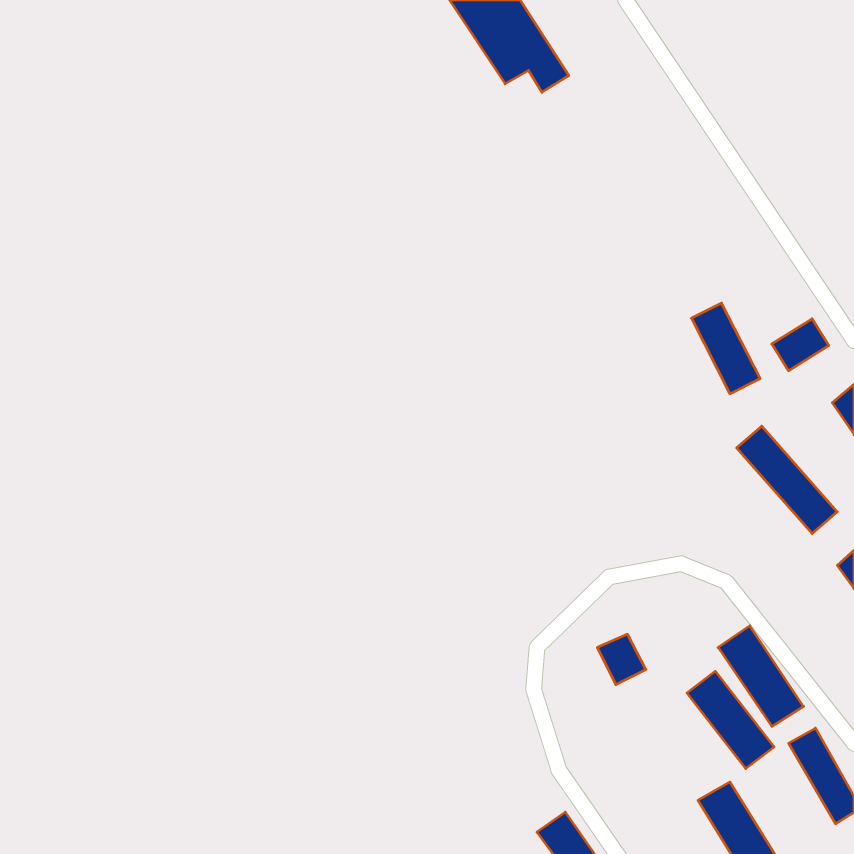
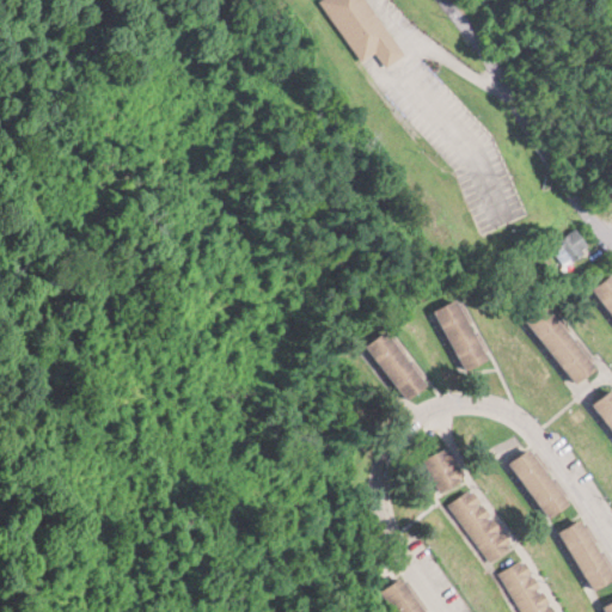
building: [691,303,760,394] -> [436,301,485,366]
building: none -> [365,332,426,398]
building: [687,671,774,769] -> [446,491,508,561]

